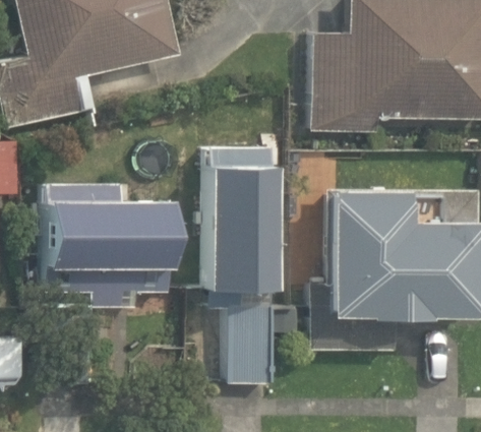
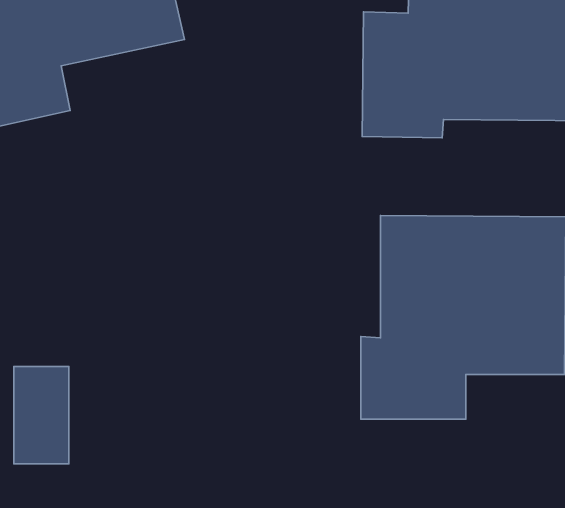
building: [208,149,275,382] -> none
building: [47,184,172,307] -> none

